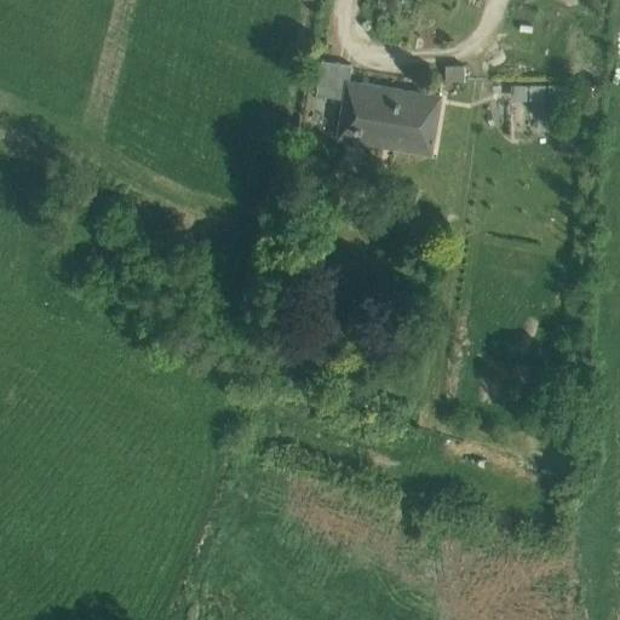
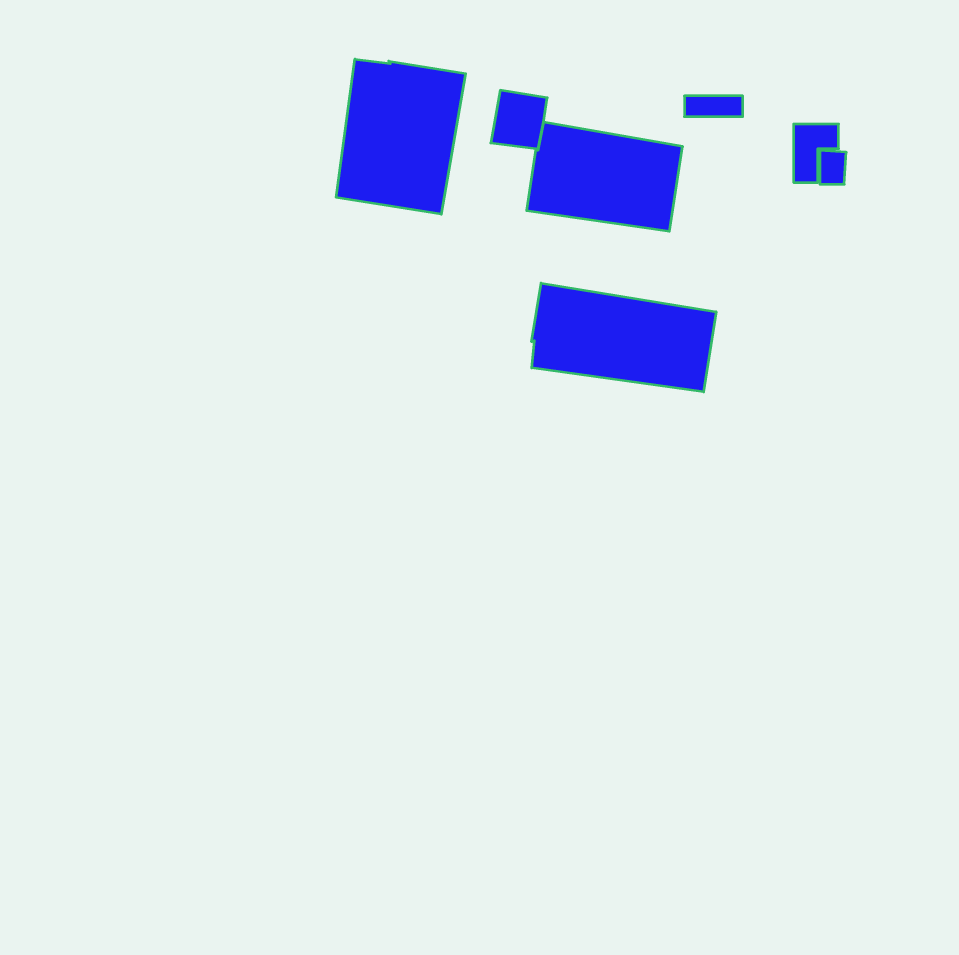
building: none -> [336,59,466,214]
building: none -> [532,283,716,392]

